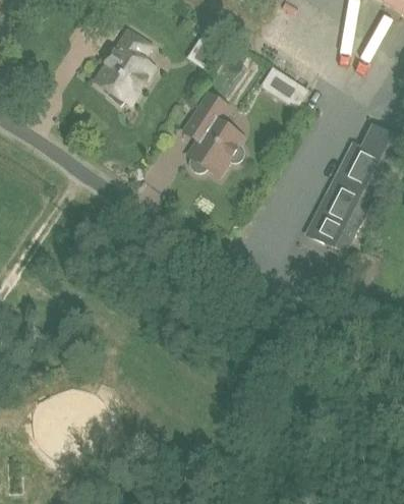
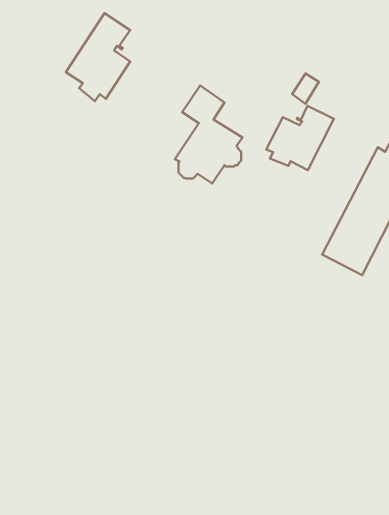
building: none -> [266,106,334,170]

